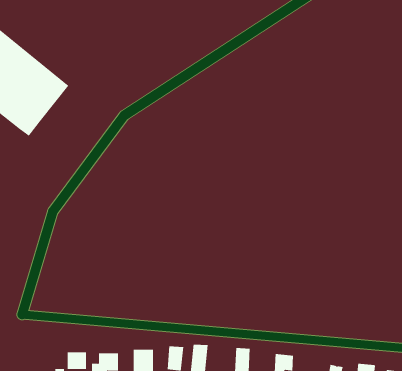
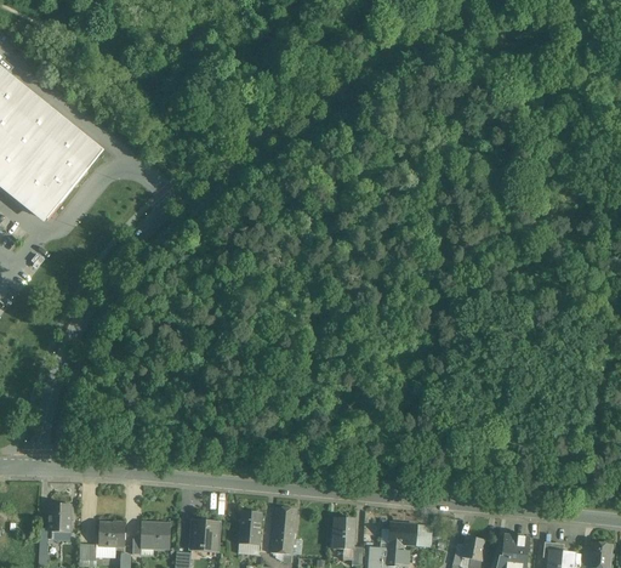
building: none -> [47,500,70,540]

